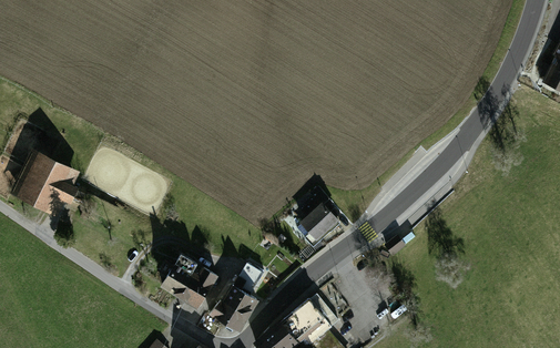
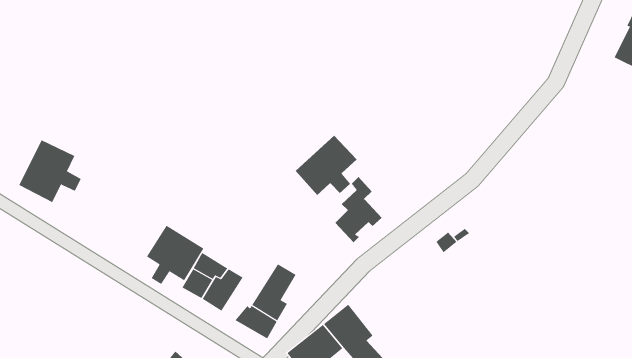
building: none -> [295,135,358,196]
building: none -> [146,225,204,285]

